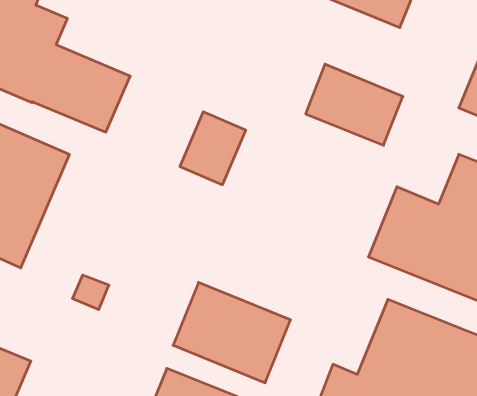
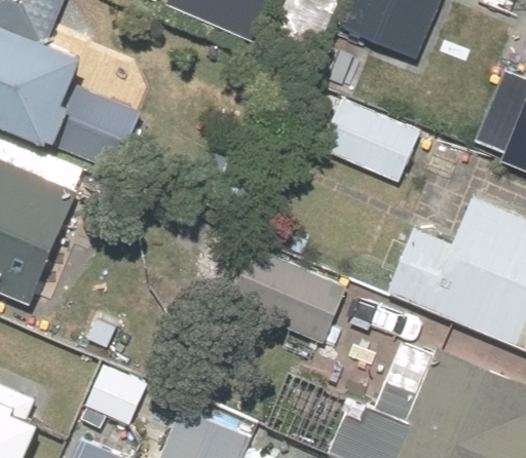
building: [173,282,291,383] -> [226,247,345,349]

